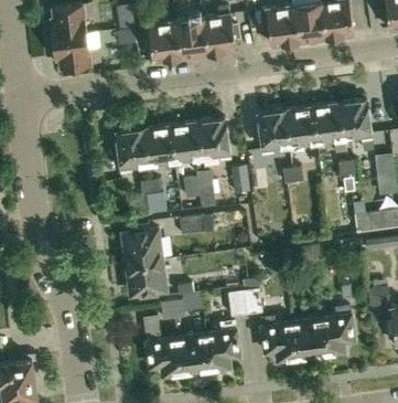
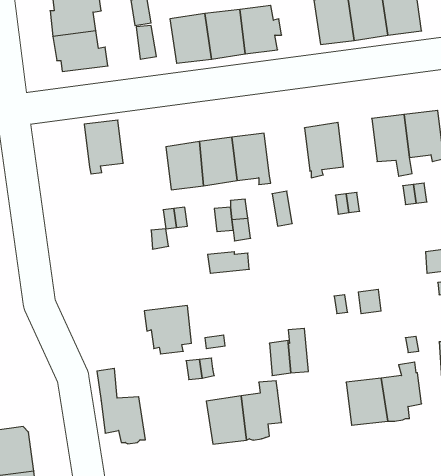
building: [286,105,318,145] -> none
building: [117,128,149,172] -> [84,120,123,174]
building: [125,223,162,263] -> none
building: [143,314,183,375] -> [97,368,145,444]
building: [261,315,297,360] -> none

